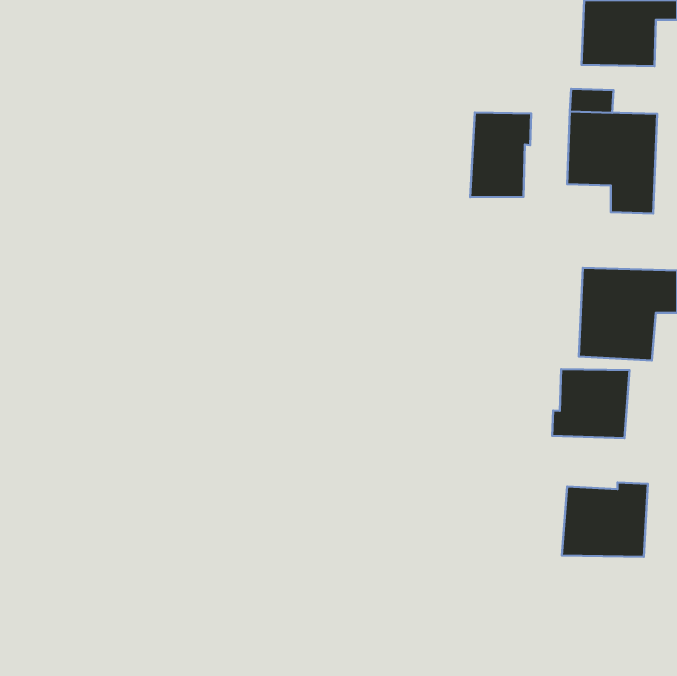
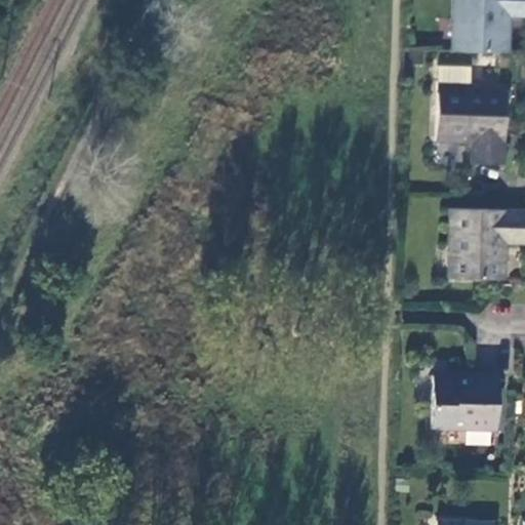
building: [470,112,531,197] -> none
building: [552,369,630,438] -> none

